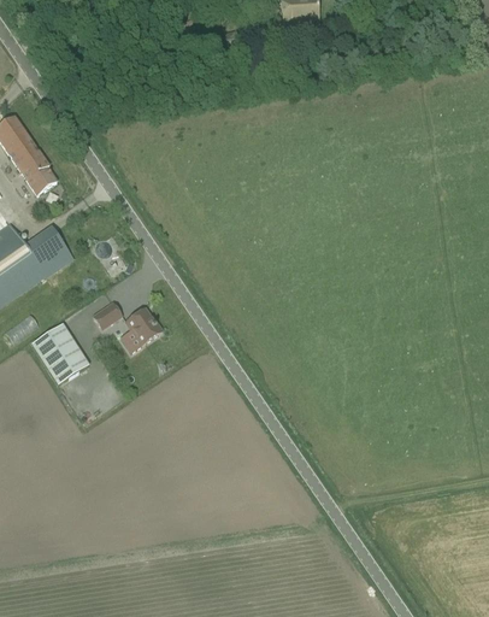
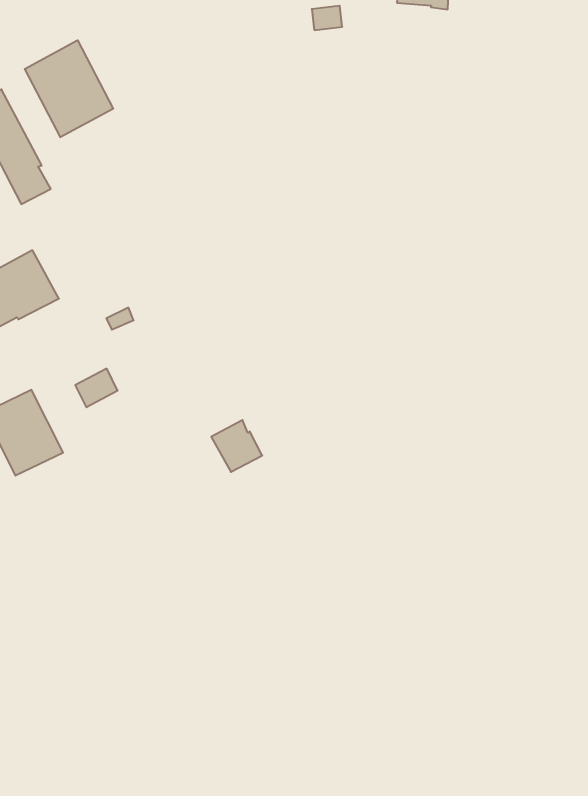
building: none -> [25,40,113,137]
building: [126,306,164,343] -> [211,420,262,472]

